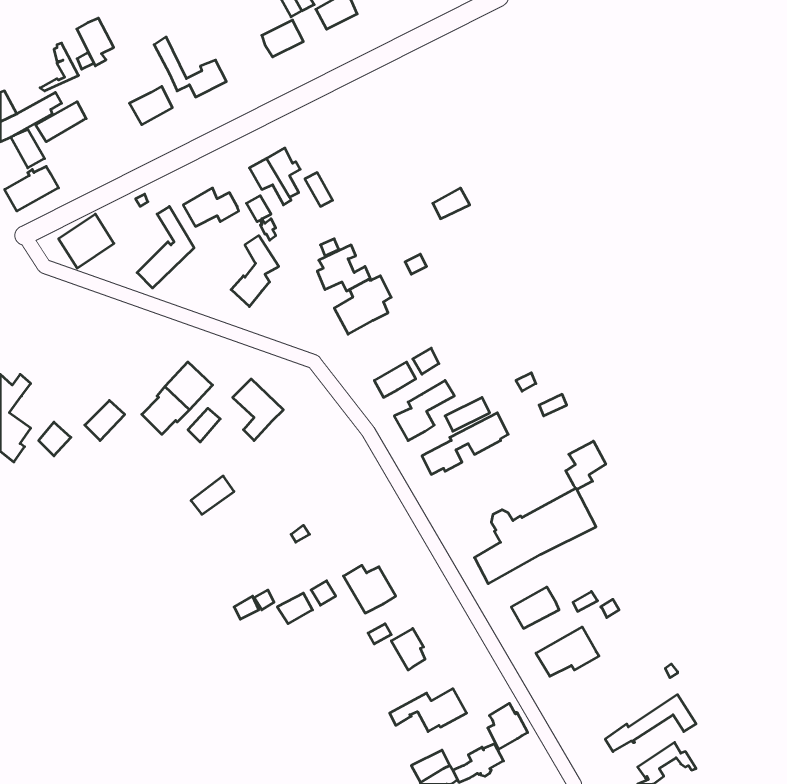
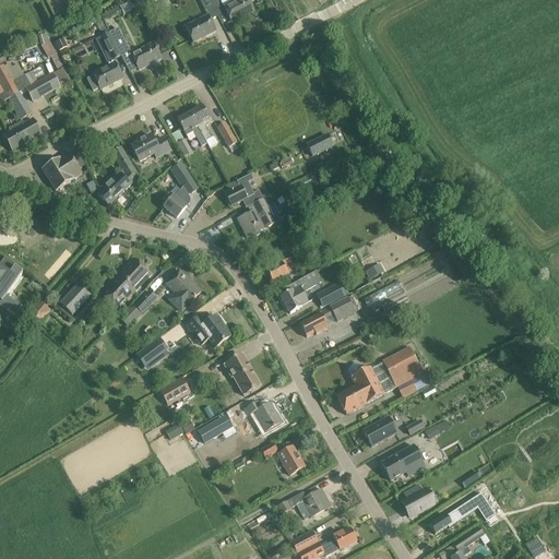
building: [77,18,114,66] -> [94,32,120,66]
building: [566,441,606,489] -> none
building: none -> [187,314,230,346]
building: none -> [224,354,260,395]
building: none -> [159,378,190,405]
building: [488,703,528,750] -> [402,484,430,516]

